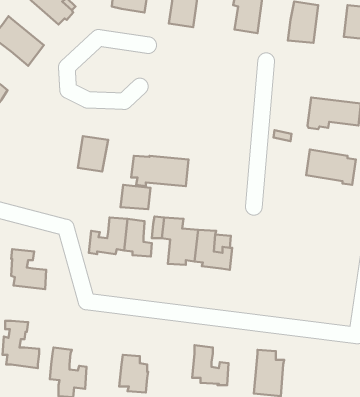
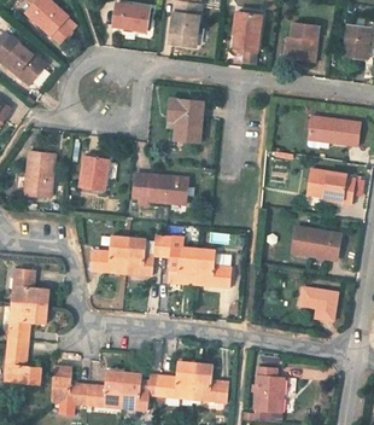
building: none -> [168,98,204,142]
building: none -> [24,151,55,198]
building: [121,185,151,209] -> none
building: none -> [291,227,341,261]
building: none -> [299,287,338,320]
building: none -> [7,304,47,340]
building: none -> [148,362,195,398]
building: none -> [87,371,124,407]

